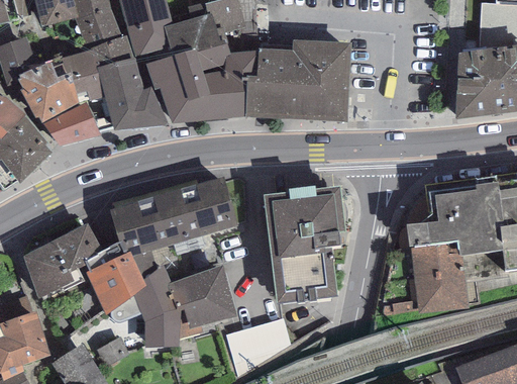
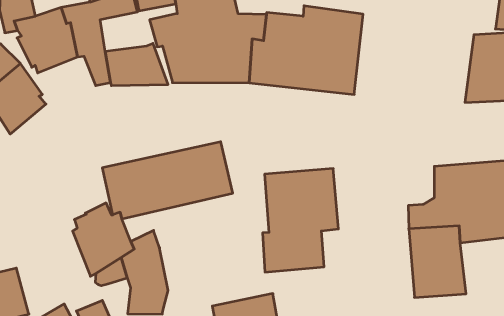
building: [98,57,144,97] -> none
building: [41,103,100,146] -> none
building: [22,223,101,299] -> none
building: [171,265,236,339] -> none

